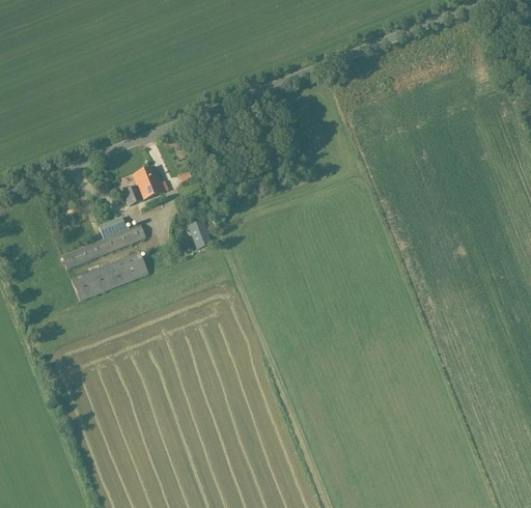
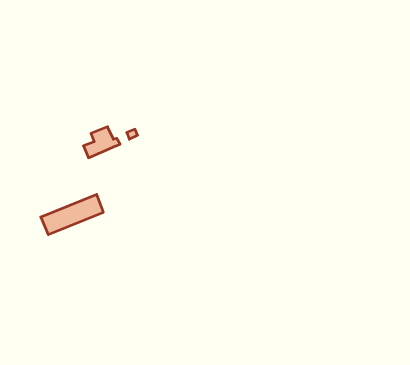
building: [187,220,211,249] -> none
building: [60,223,145,269] -> none

